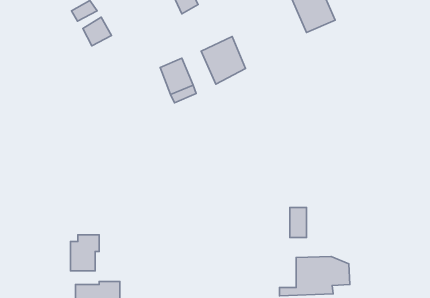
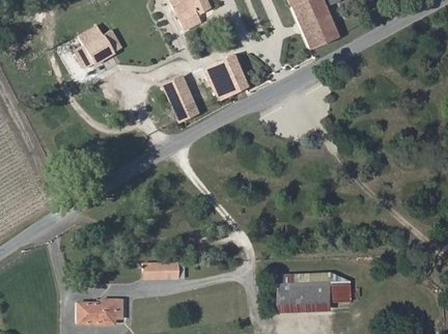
building: [290,207,306,237] -> [283,275,300,305]
building: [70,235,99,271] -> none
building: none -> [145,261,178,278]

